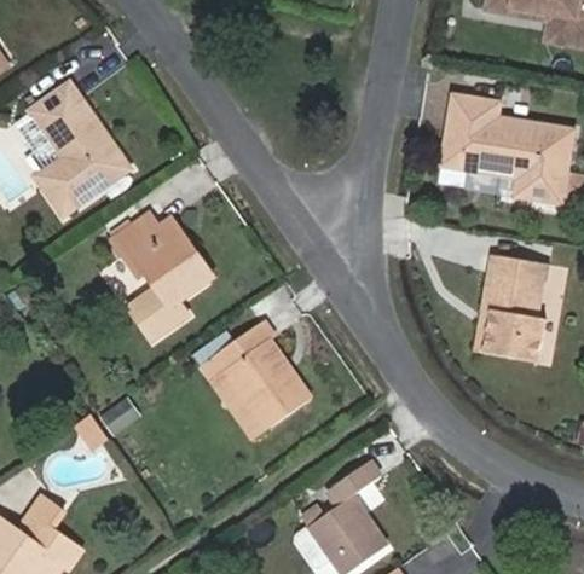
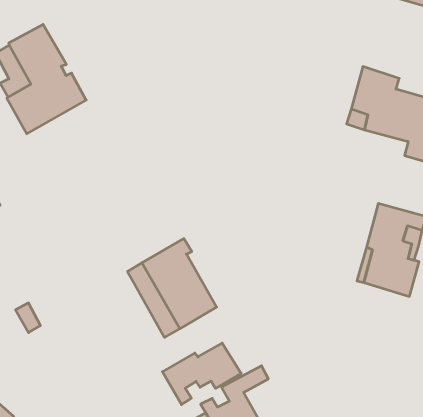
building: [114,213,212,341] -> none
building: none -> [162,343,241,405]

